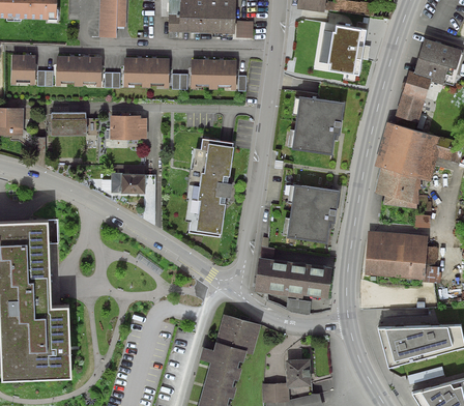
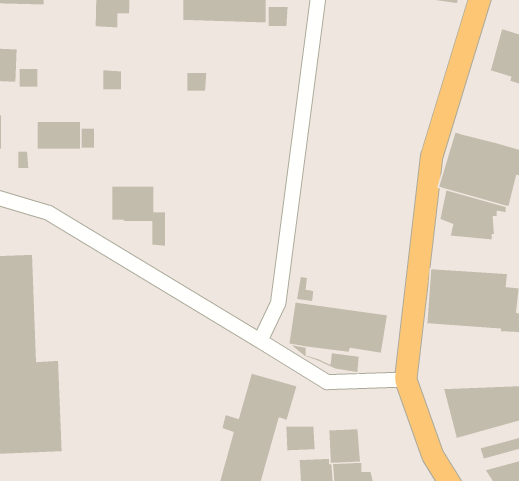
building: [319,26,370,76] -> none
building: [56,56,103,84] -> none
building: [124,57,170,86] -> none
building: [191,58,237,87] -> none
building: [394,71,432,131] -> none
building: [292,96,345,155] -> none
building: [110,115,147,140] -> none
building: [185,137,236,238] -> none
building: [287,185,340,244] -> none
building: none -> [286,426,315,451]

